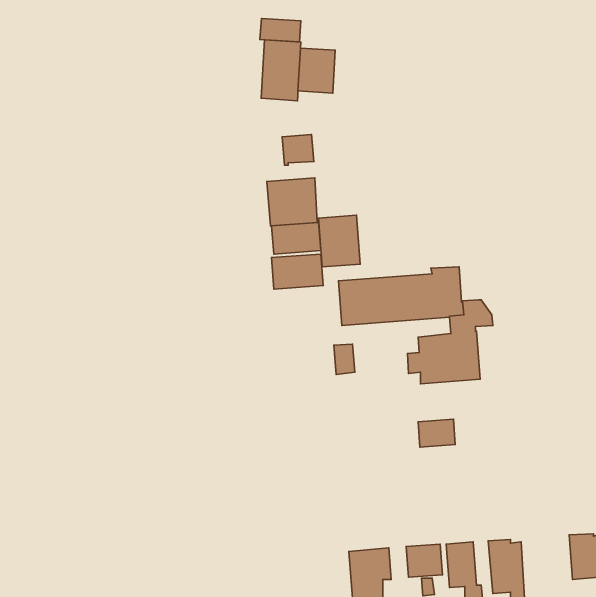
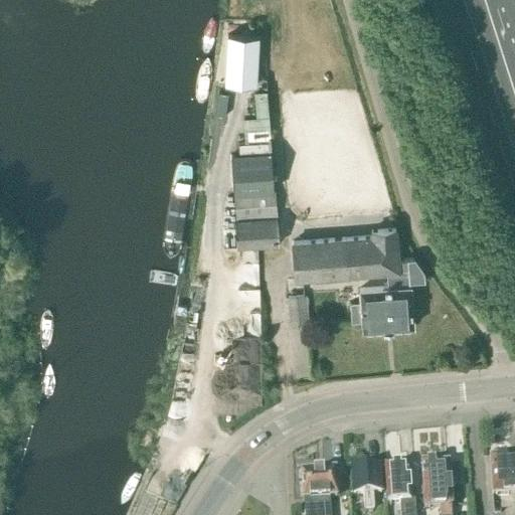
building: [260,18,301,42] -> none
building: [298,48,335,93] -> none
building: [318,215,360,267] -> none
building: [418,419,455,447] -> none

